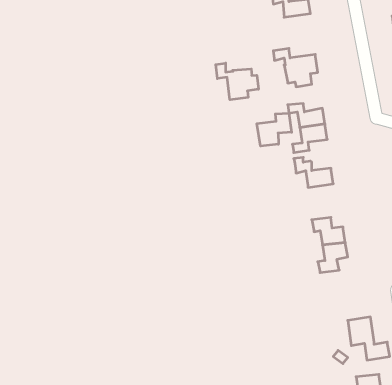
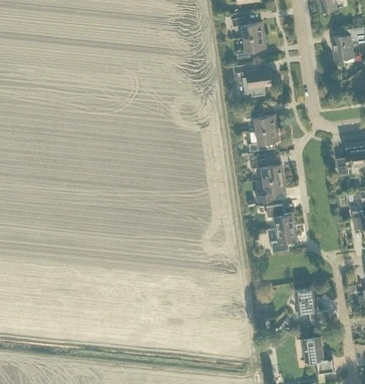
building: none -> [237,36,265,60]
building: [216,63,258,100] -> none
building: [257,113,292,146] -> none
building: none -> [256,178,285,203]

